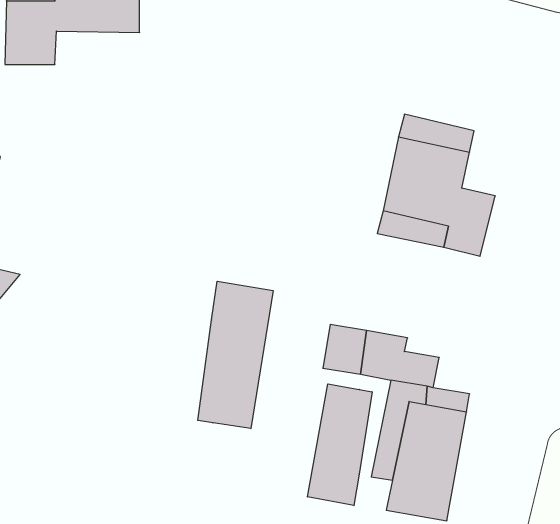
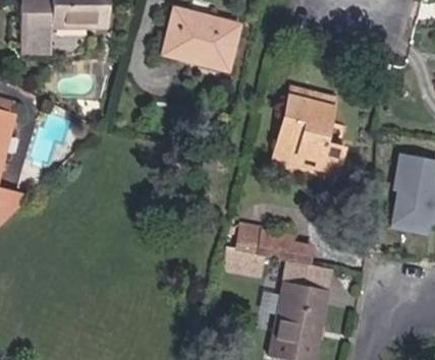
building: none -> [163,13,241,71]
building: [198,281,273,429] -> none
building: [307,384,372,506] -> none

